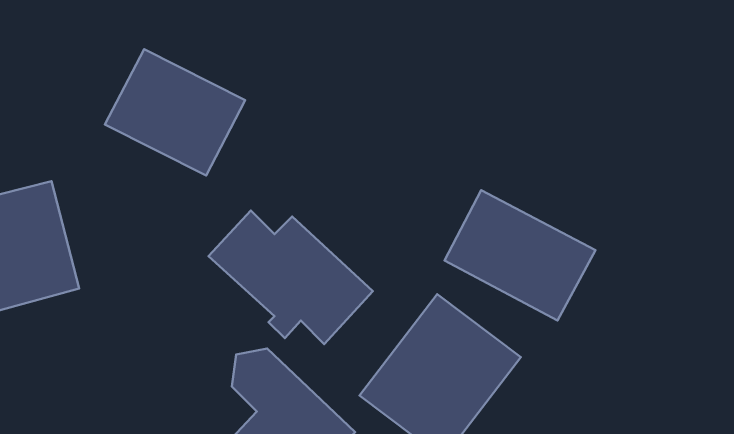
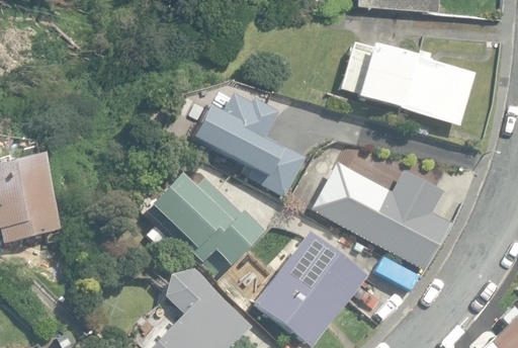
building: none -> [357,44,474,124]
building: [105,49,245,176] -> none
building: none -> [188,94,307,196]

